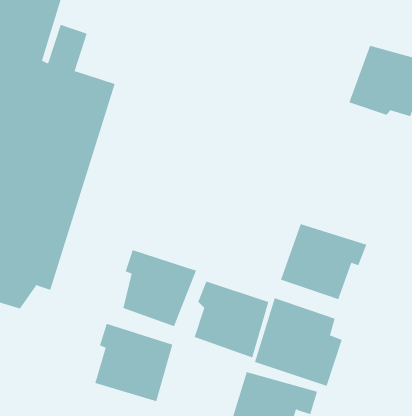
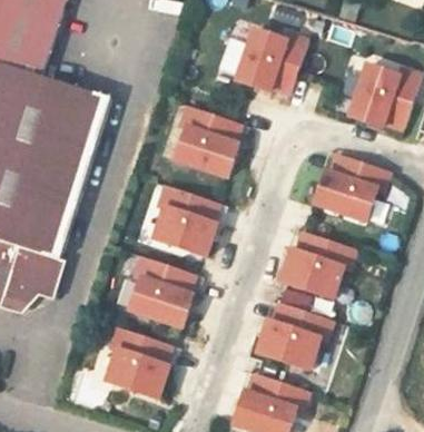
building: none -> [229,22,305,94]
building: none -> [171,106,243,175]
building: none -> [305,151,390,222]
building: [194,281,269,358] -> [146,183,217,256]

